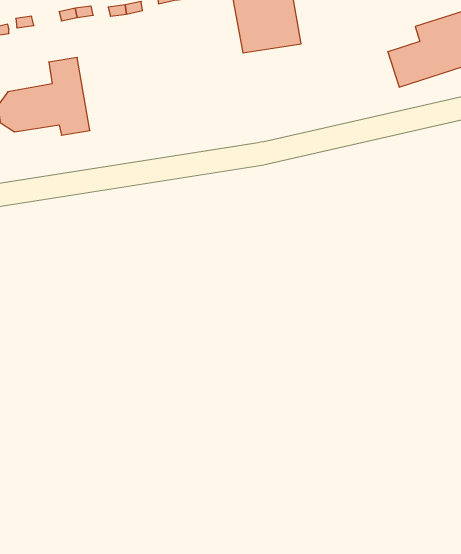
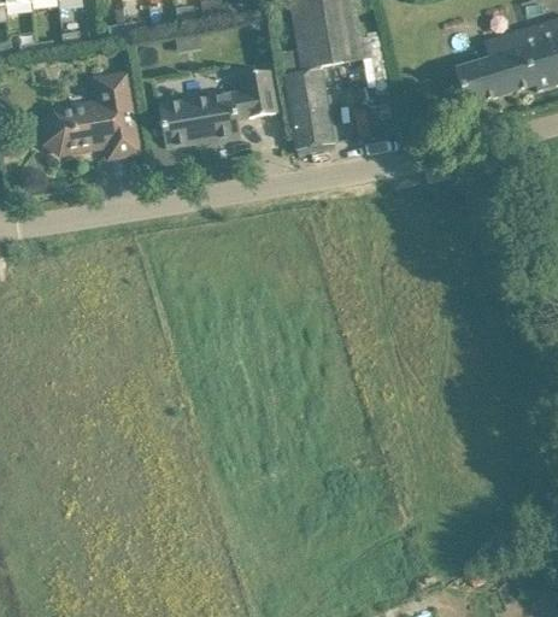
building: none -> [281,49,333,147]
building: none -> [158,70,275,146]

